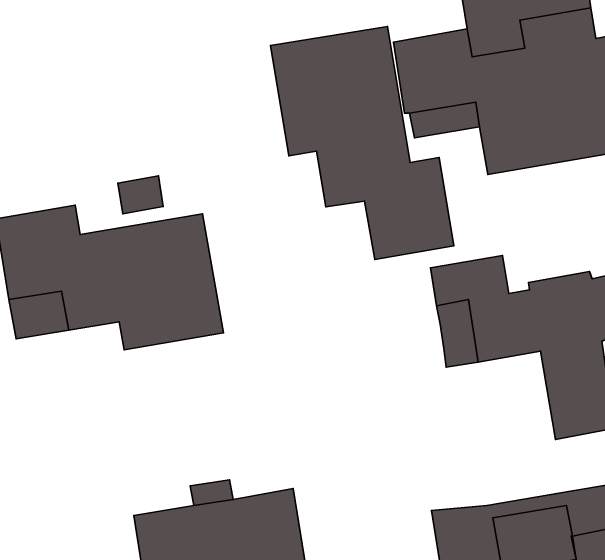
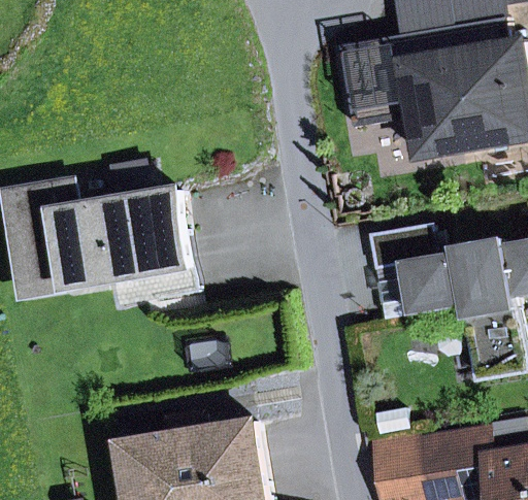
building: [271,27,454,259] -> none

